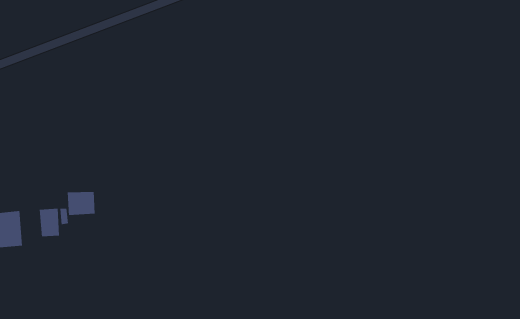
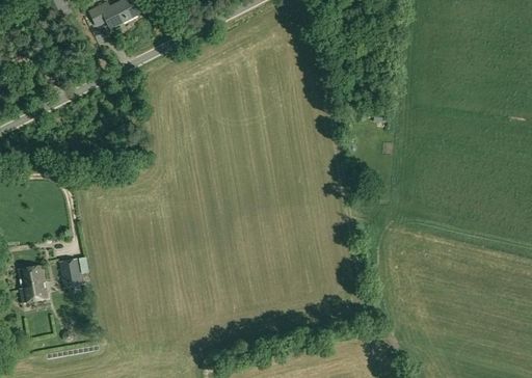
building: [67,191,95,216] -> none

